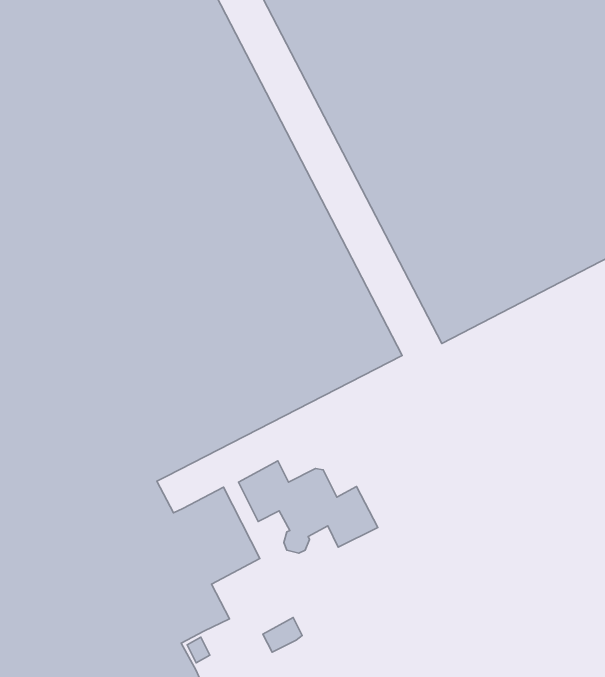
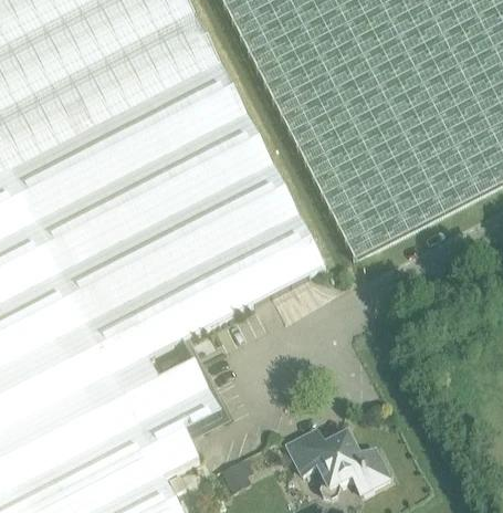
building: [238,461,378,553] -> [289,429,390,496]

